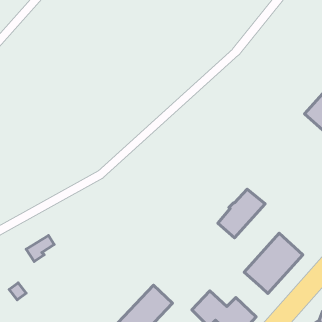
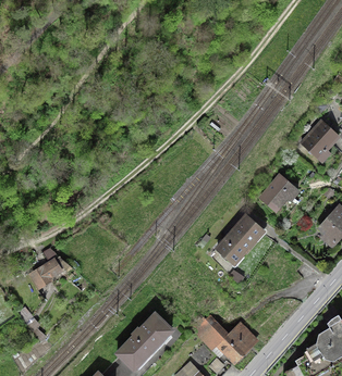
building: none -> [260,175,298,211]
building: [244,233,303,294] -> none

